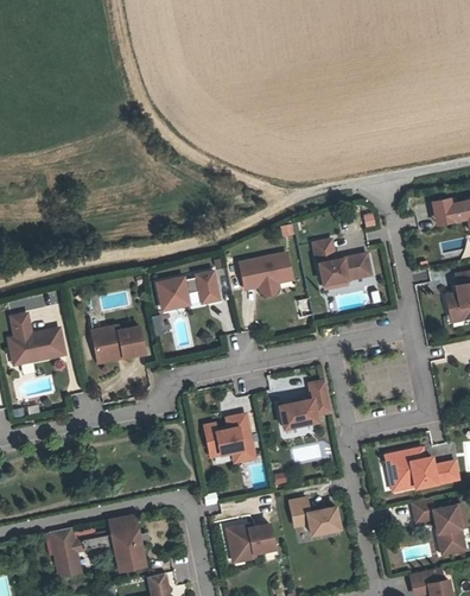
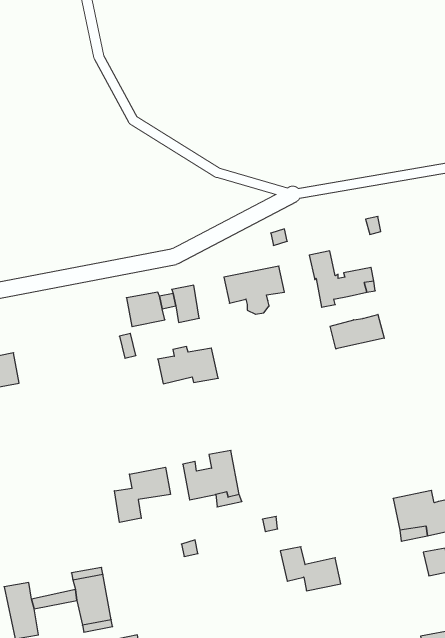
building: none -> [330,314,384,349]
building: [93,325,145,357] -> [158,347,218,384]
building: [279,380,331,427] -> none
building: none -> [114,467,170,522]
building: [224,519,272,553] -> none

